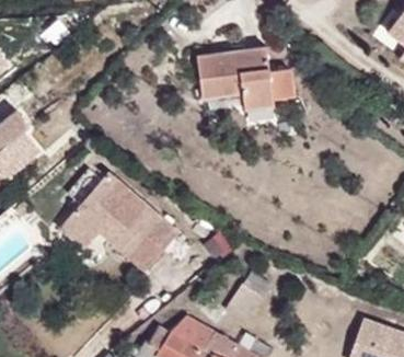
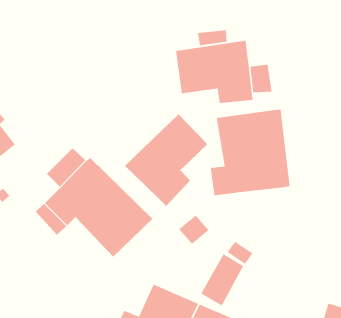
building: none -> [210,109,291,196]
building: none -> [124,114,208,207]

